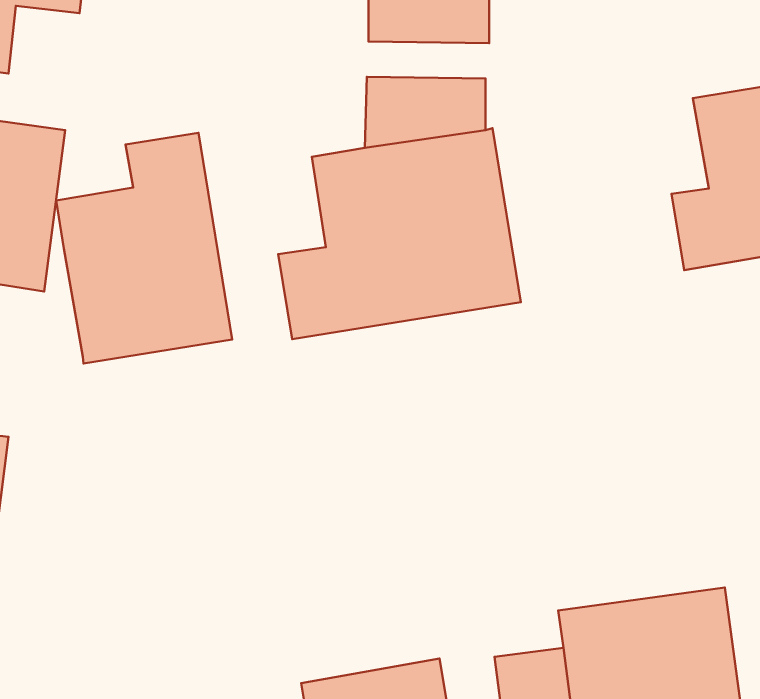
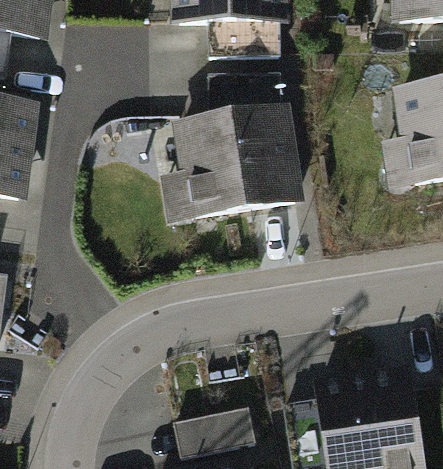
building: [56,133,232,363] -> none

